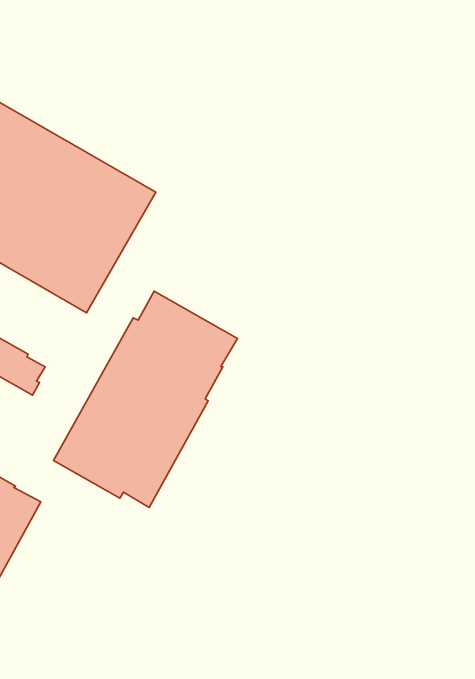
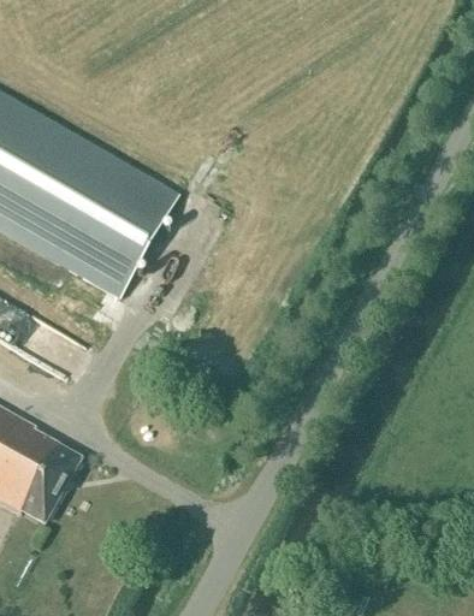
building: [53,291,237,508] -> none

